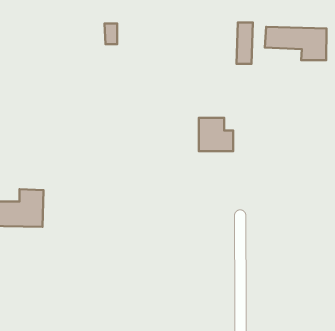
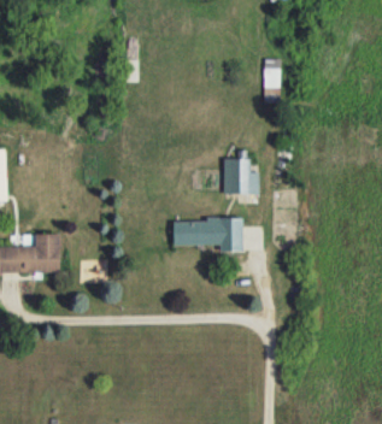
building: [265,27,327,60] -> none
building: none -> [174,219,243,252]

